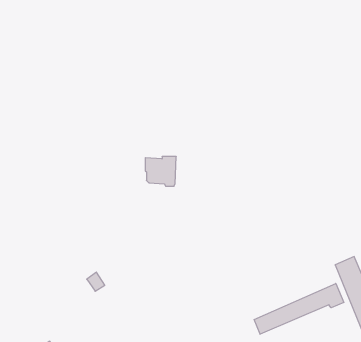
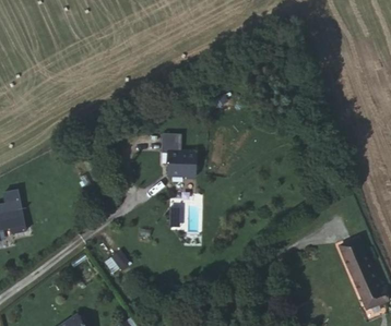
building: [254,283,344,334] -> none

